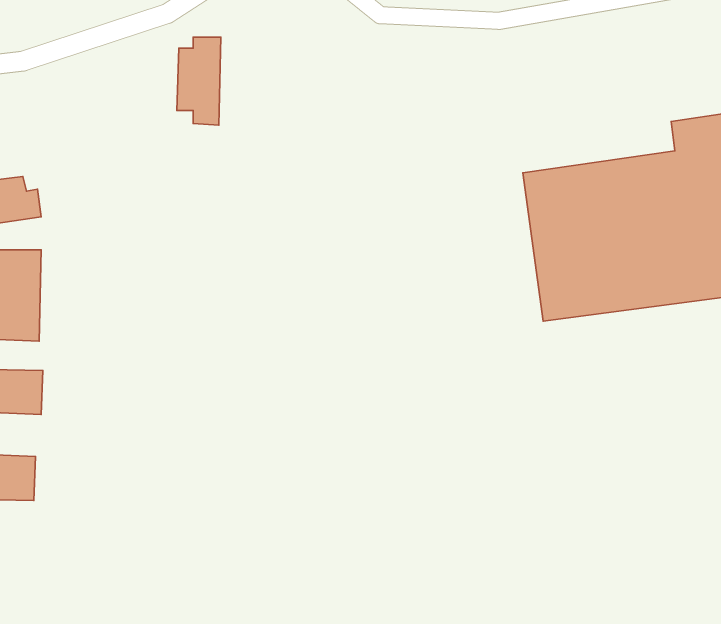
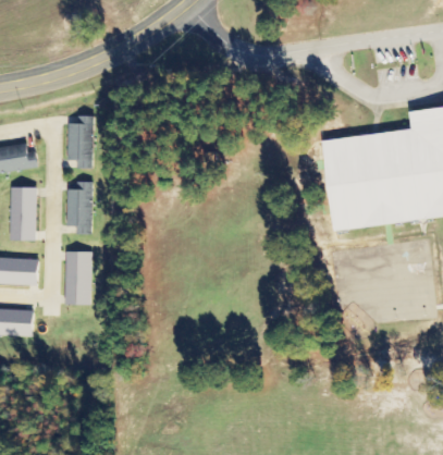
building: [177,37,221,125] -> [67,116,94,169]
building: none -> [67,182,93,234]
building: none -> [65,251,91,305]

